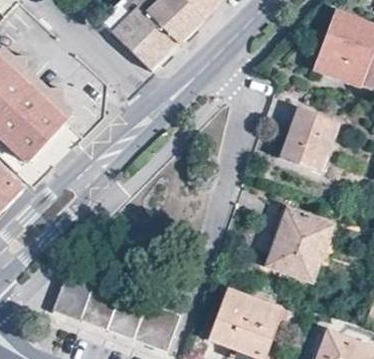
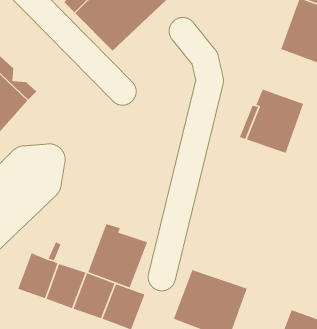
building: [263,205,332,283] -> none
building: none -> [87,223,148,289]

